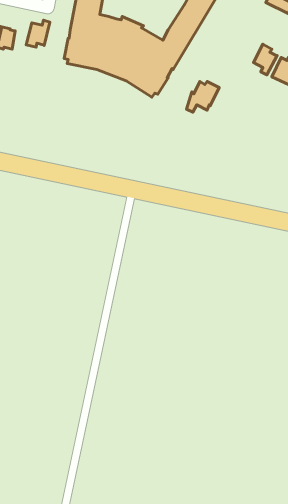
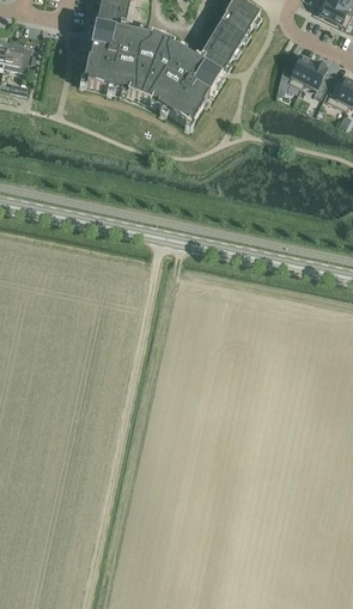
building: [26,20,50,47] -> none
building: [187,81,219,112] -> [278,54,316,90]

